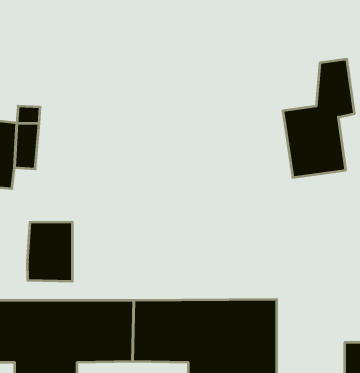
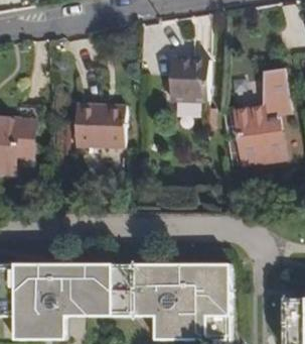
building: none -> [169,64,210,107]
building: none -> [73,105,122,148]
building: [28,222,72,281] -> none

